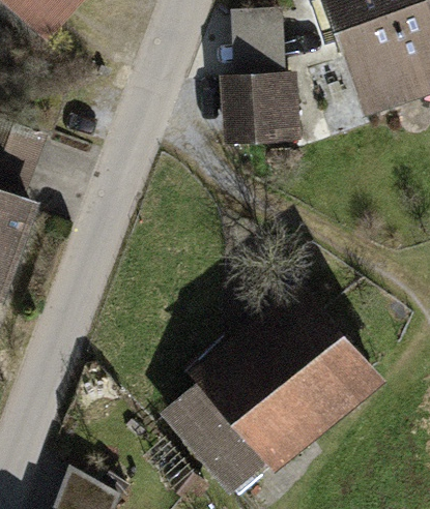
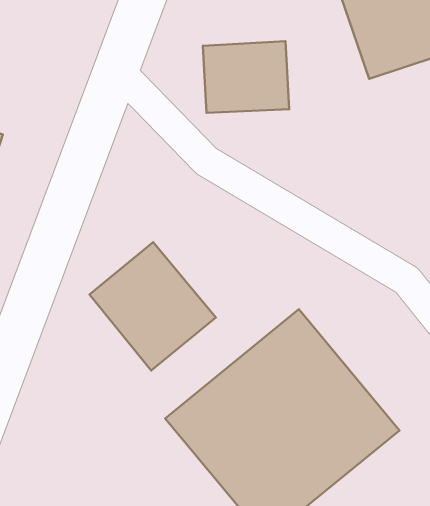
building: none -> [89,242,216,371]

